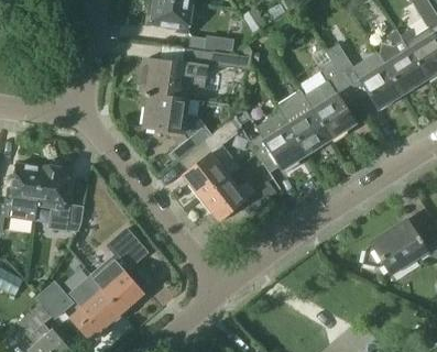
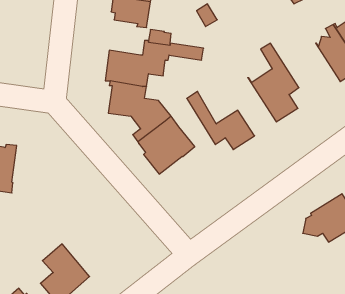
building: [325,43,403,110] -> none
building: [275,89,331,154] -> none
building: [35,161,84,231] -> none
building: [200,177,276,221] -> none
building: [91,229,146,311] -> none
building: [35,279,74,318] -> none

